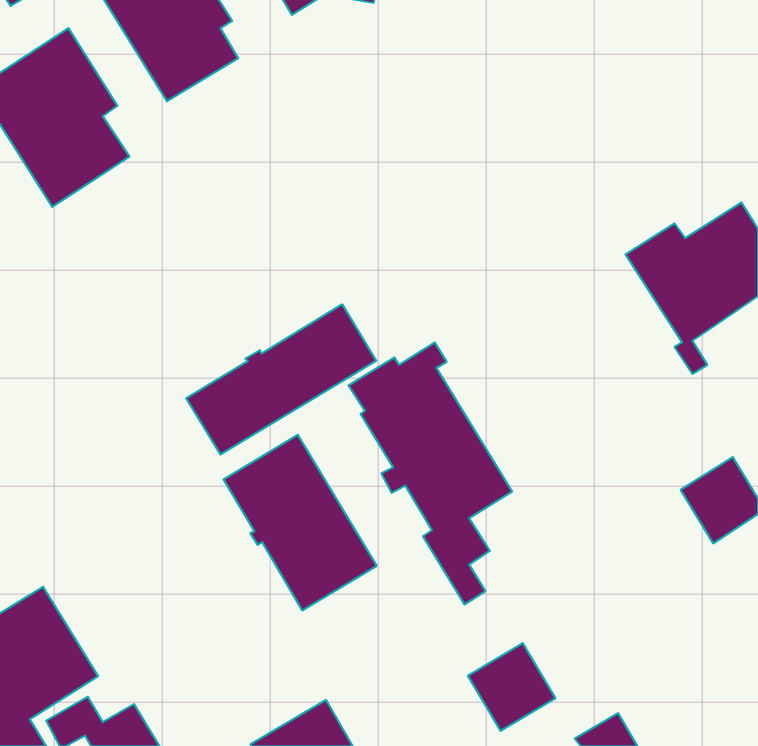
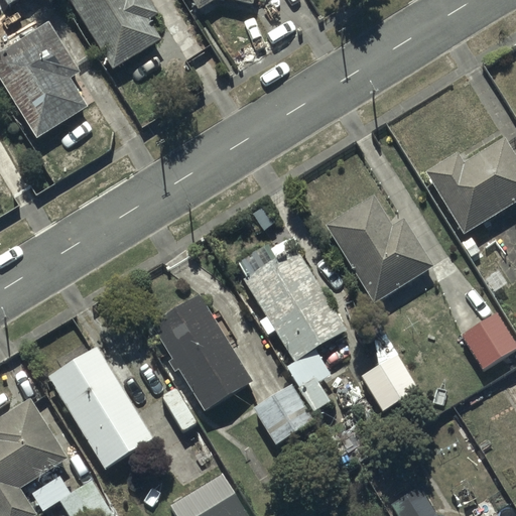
building: none -> [324,194,433,303]
building: [186,304,376,455] -> none
building: none -> [47,346,155,471]
building: none -> [359,353,418,413]
building: [468,643,556,731] -> [253,385,312,444]

